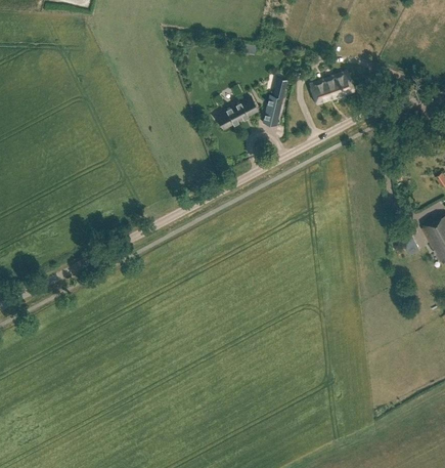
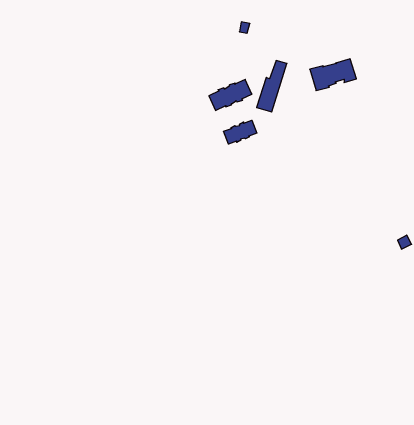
building: none -> [223,120,257,144]

